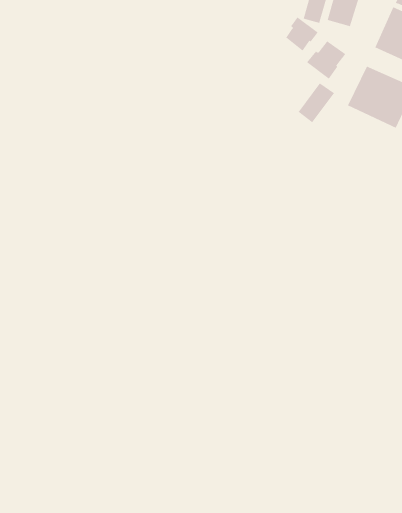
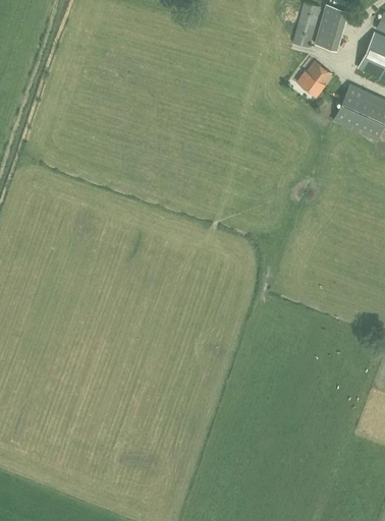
building: [285,16,319,51] -> none
building: [298,83,335,123] -> none

